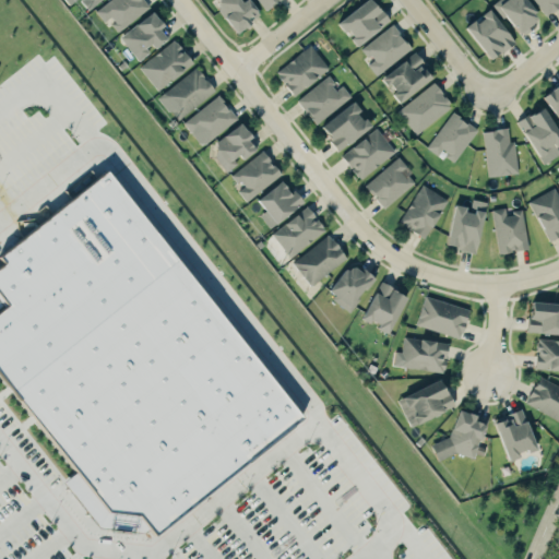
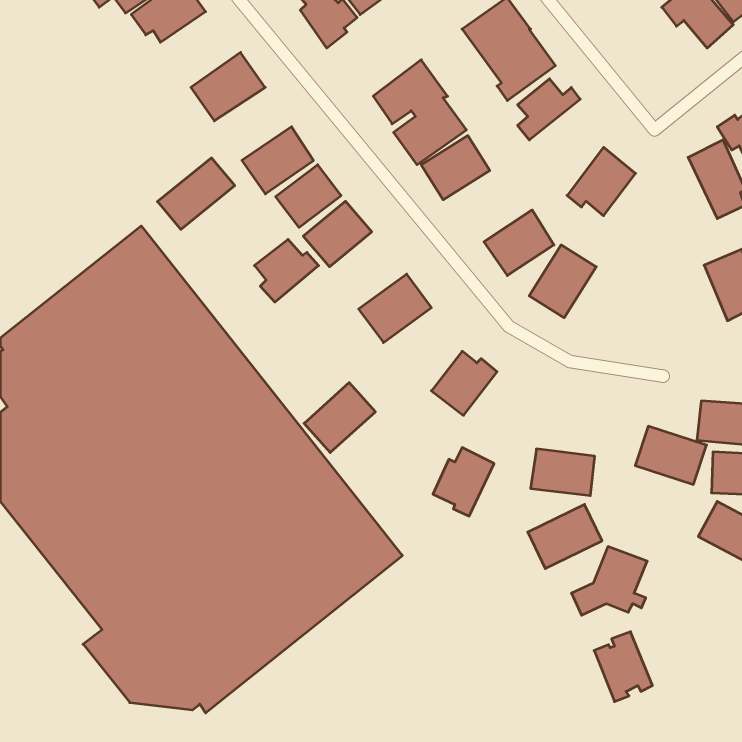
building: [127,11,178,61] -> none
building: [476,11,525,61] -> none
building: [160,67,218,120] -> [157,158,235,229]
building: [399,83,453,133] -> none
building: [341,127,395,179] -> none
building: [483,127,519,176] -> none
building: [254,180,302,227] -> [254,239,319,302]
building: [443,198,486,252] -> none
building: [492,206,530,253] -> none
building: [293,234,346,286] -> [304,383,375,453]
building: [359,283,405,334] -> [433,448,494,516]
building: [416,295,469,338] -> [635,426,707,484]
building: [495,407,538,460] -> [594,632,652,702]

